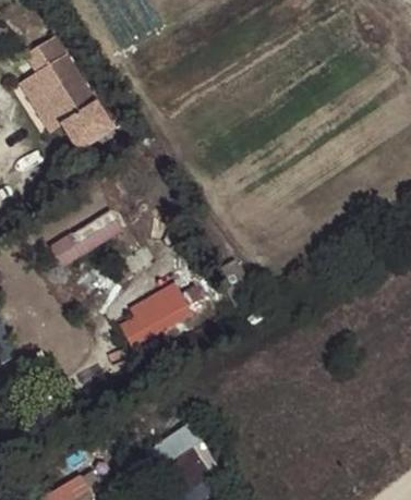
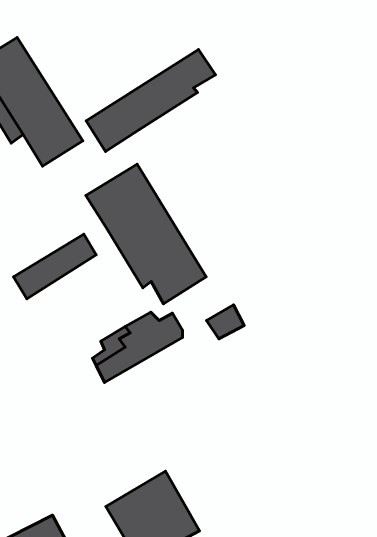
building: none -> [86,50,215,151]
building: none -> [86,164,206,304]

